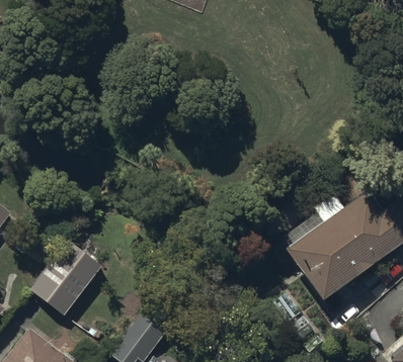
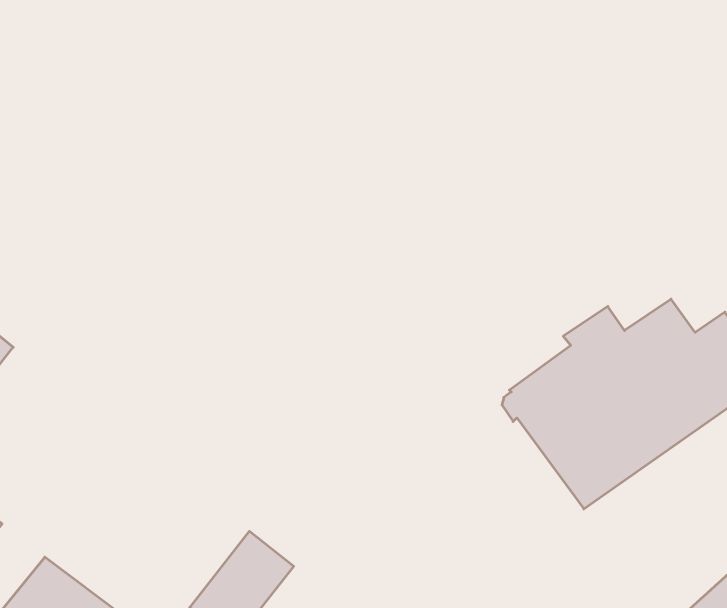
building: [29,240,102,316] -> none

